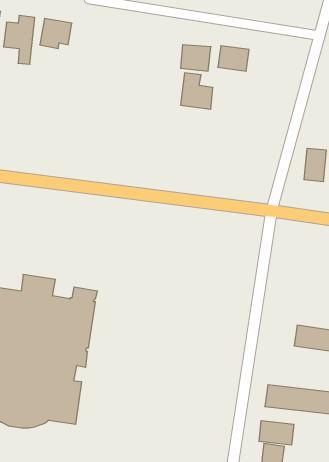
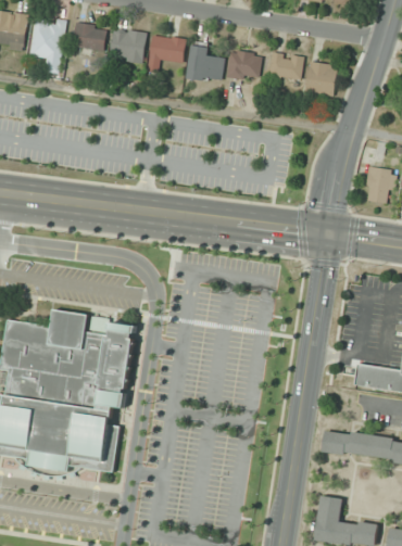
building: none -> [110,28,146,62]
building: none -> [147,35,186,71]
building: none -> [305,62,337,97]
building: [181,73,213,109] -> [187,41,223,81]
building: [259,421,294,445] -> none

